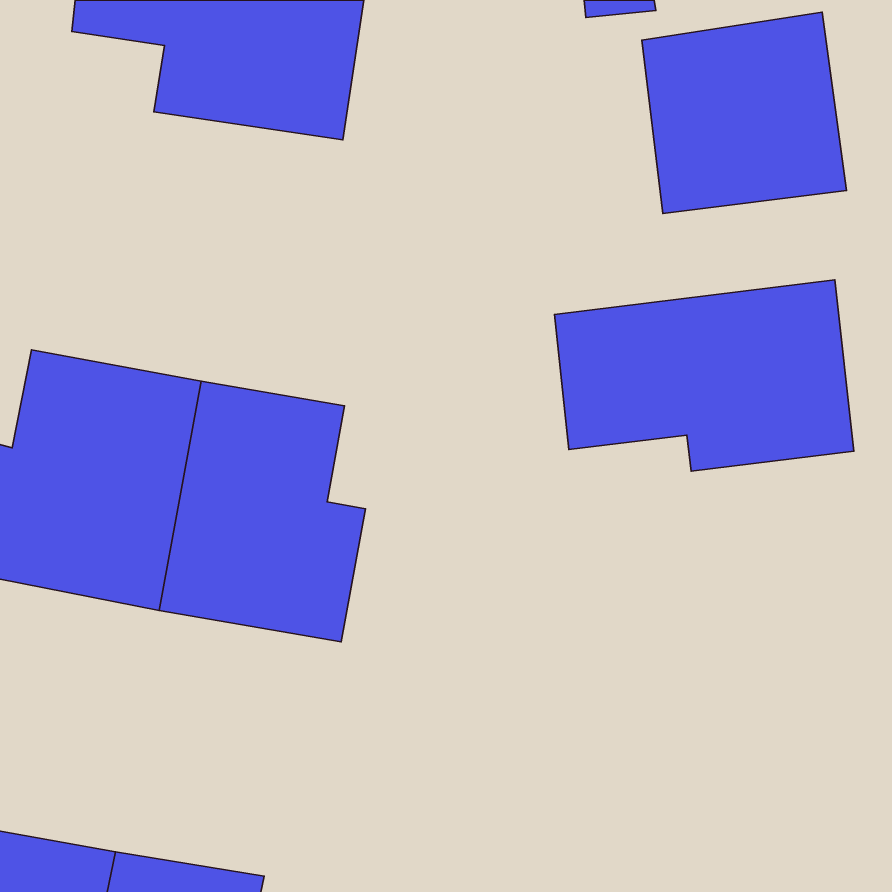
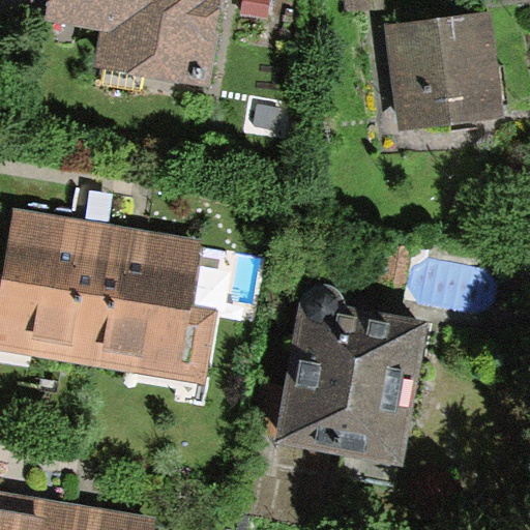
building: [554,280,854,471] -> none
building: none -> [285,299,425,460]

